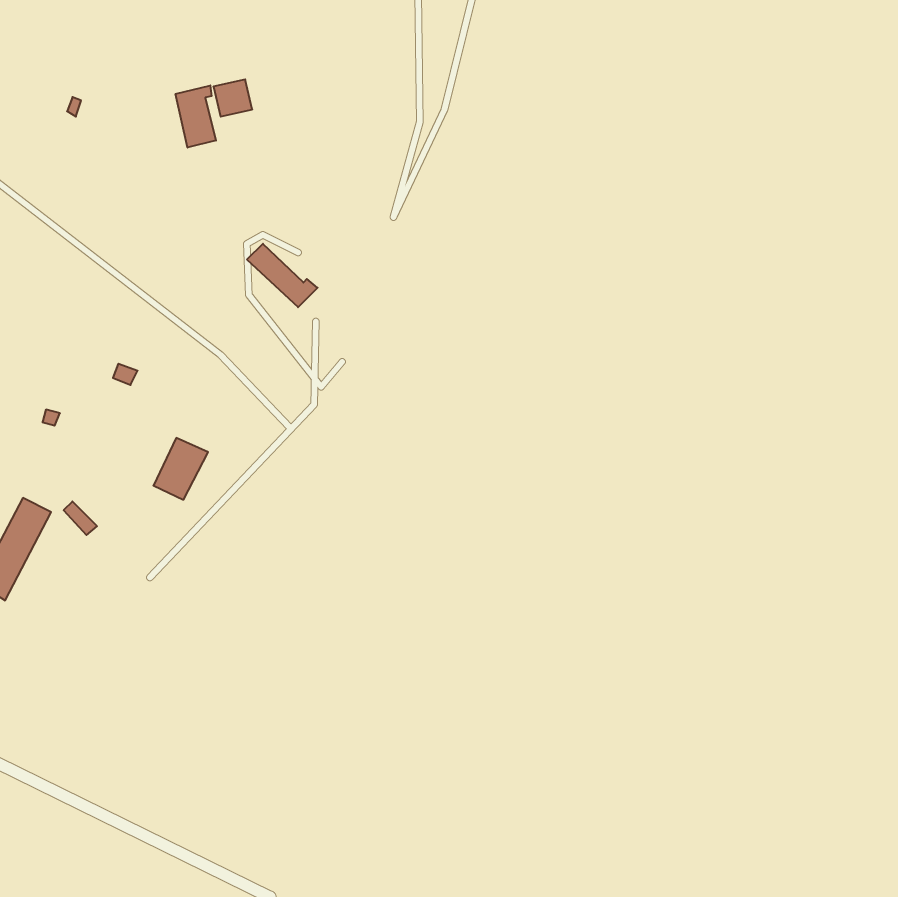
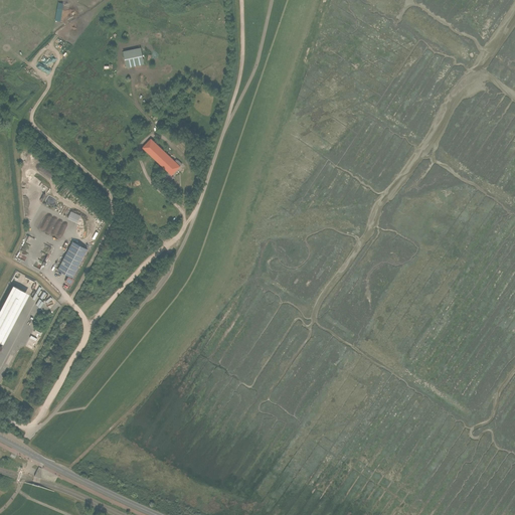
building: [176,85,216,148] -> none
building: [153,438,208,500] -> [57,241,89,277]

